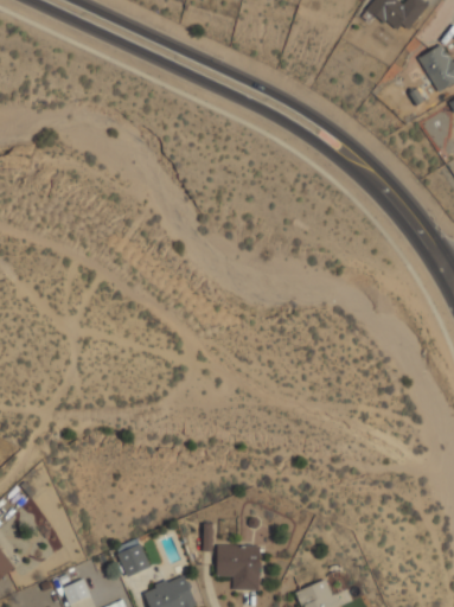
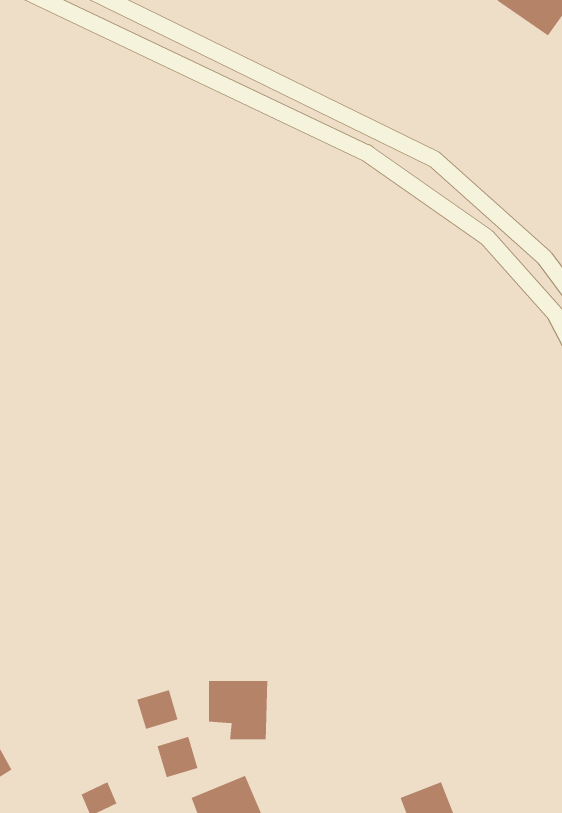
building: none -> [136,689,179,730]
building: [218,547,262,590] -> [208,680,268,740]

